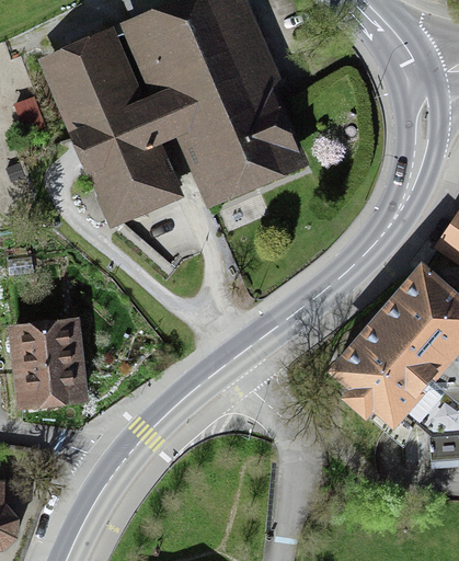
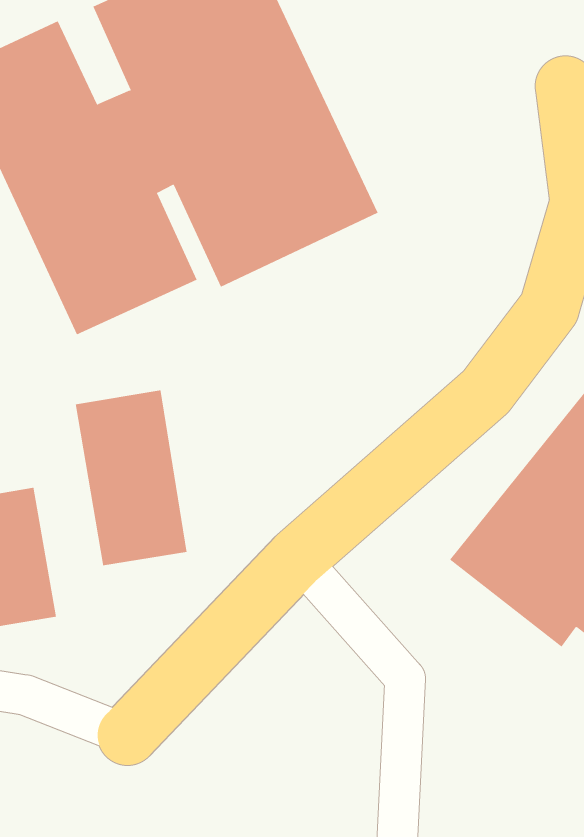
building: none -> [75,389,187,566]

